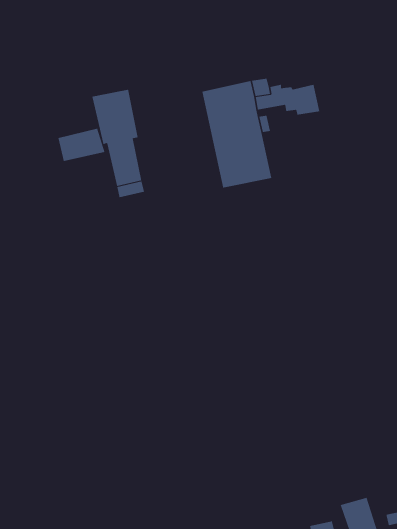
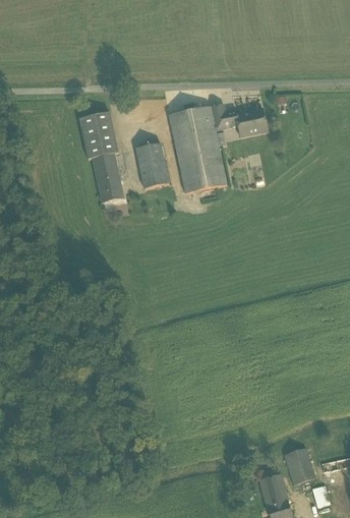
building: none -> [135,143,168,188]
building: [58,128,105,162] -> none

